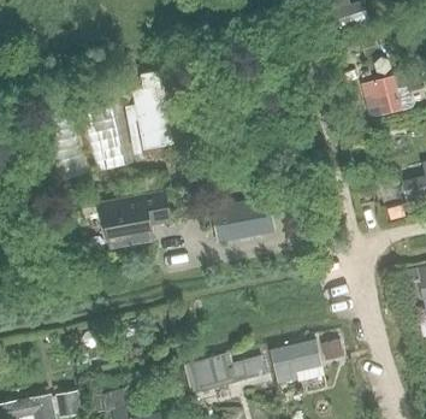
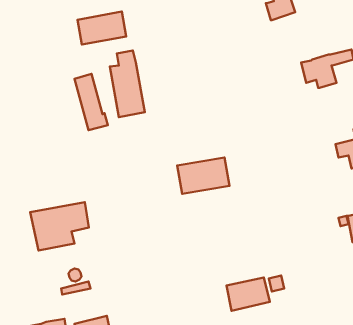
building: none -> [78,12,126,45]
building: [101,190,171,248] -> [30,202,89,251]
building: [190,354,265,391] -> none

